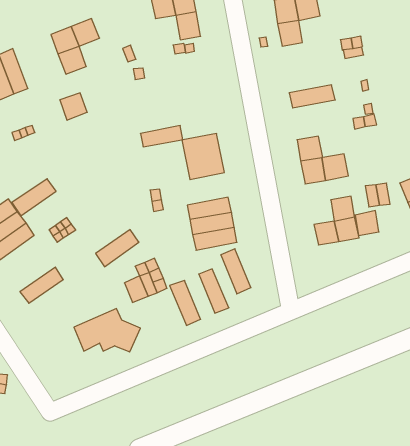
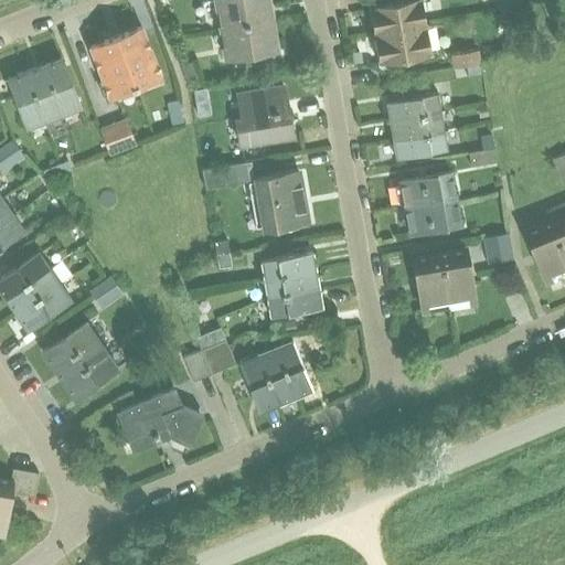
building: none -> [222,24,253,60]
building: none -> [401,25,431,58]
building: none -> [127,53,162,88]
building: none -> [44,60,81,116]
building: none -> [236,86,291,146]
building: none -> [385,93,441,121]
building: none -> [393,130,449,160]
building: none -> [425,170,457,202]
building: [12,179,56,216] -> [42,323,97,370]
building: [355,211,379,235] -> [415,255,445,286]
building: [96,230,139,267] -> [64,354,118,401]
building: [221,249,251,294] -> [258,348,296,404]

